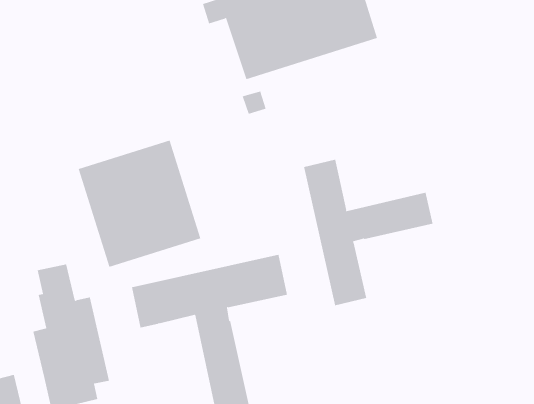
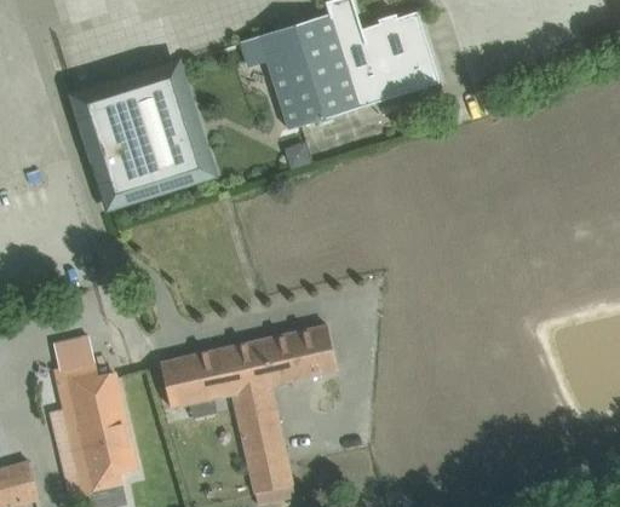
building: [78,140,201,268] -> [74,62,213,206]
building: [303,159,433,306] -> none

